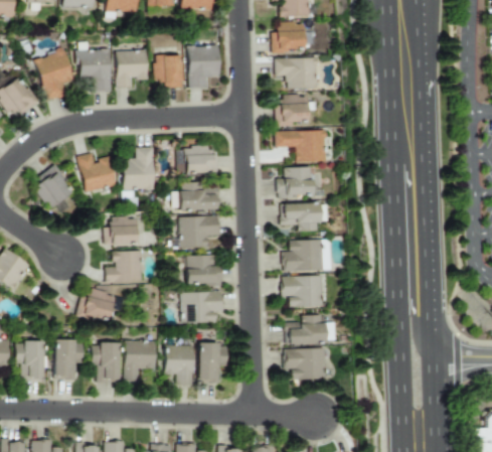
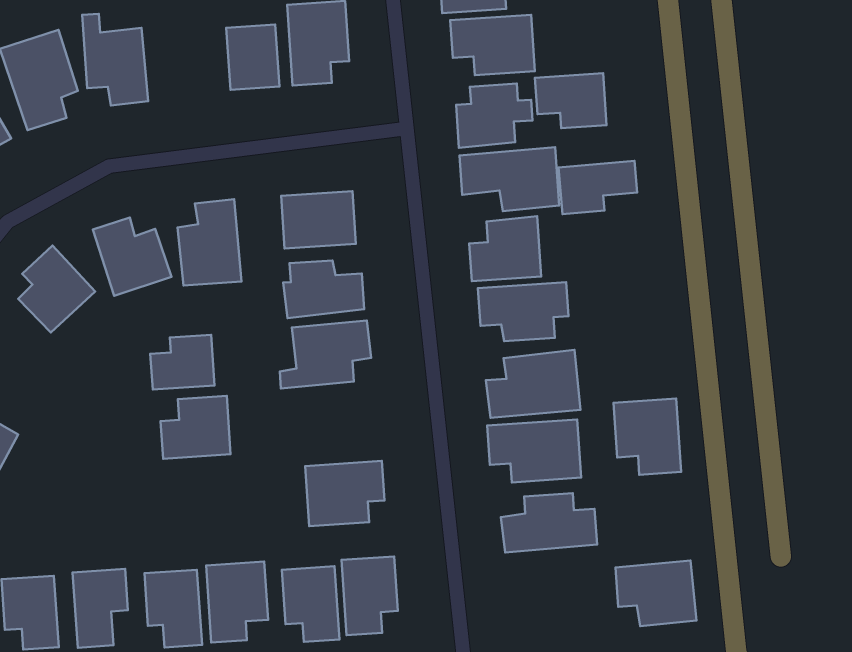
building: [118,50,148,88] -> none
building: none -> [535,73,607,128]
building: none -> [559,161,637,214]
building: [183,256,223,287] -> none
building: none -> [613,398,681,475]
building: [76,288,118,324] -> none
building: [285,347,326,381] -> [615,560,696,626]

